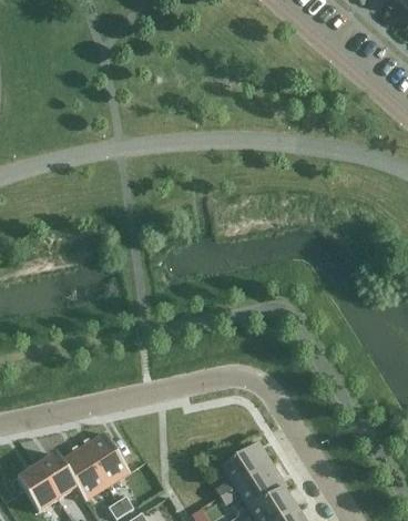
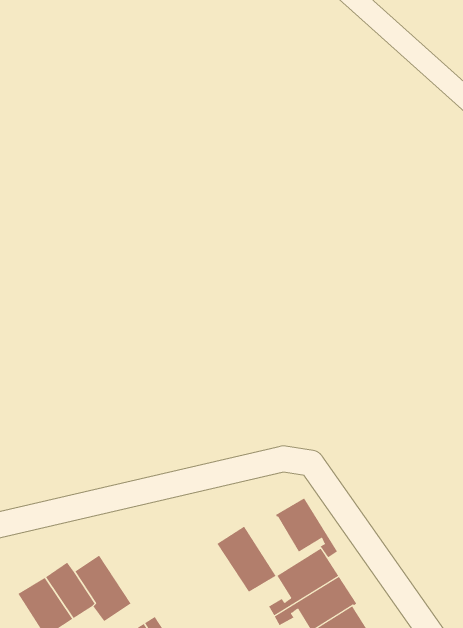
building: none -> [275,497,338,558]
building: [81,432,129,486] -> [217,526,276,592]

